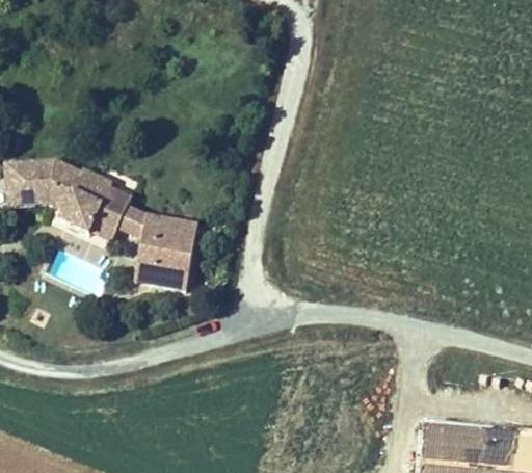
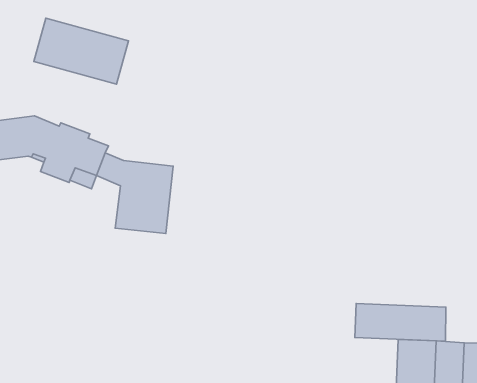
building: none -> [34,18,129,84]
building: none -> [355,304,446,341]

